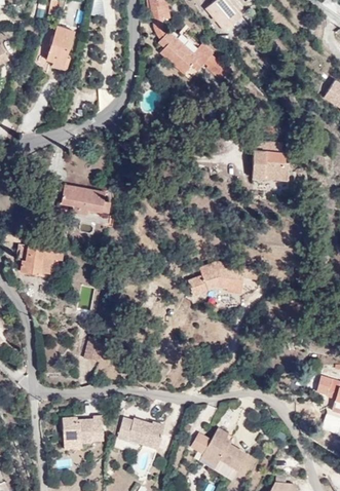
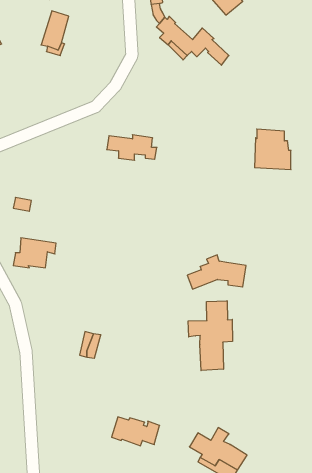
building: [62,189,110,214] -> [107,135,157,160]
building: none -> [188,301,232,371]
building: [62,416,101,442] -> none

